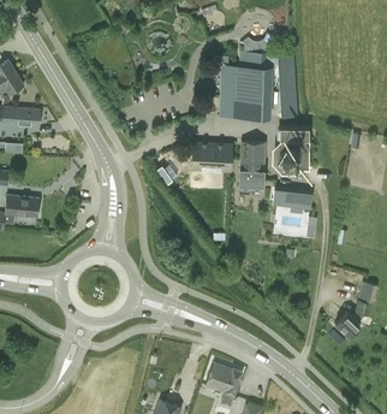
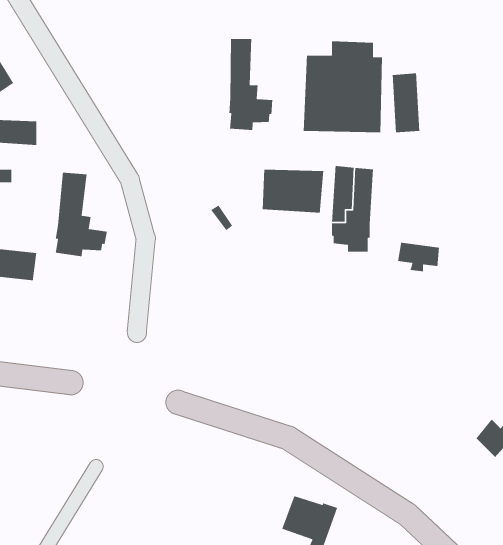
building: none -> [228,38,273,131]
building: [279,126,309,166] -> none
building: none -> [55,172,108,257]

